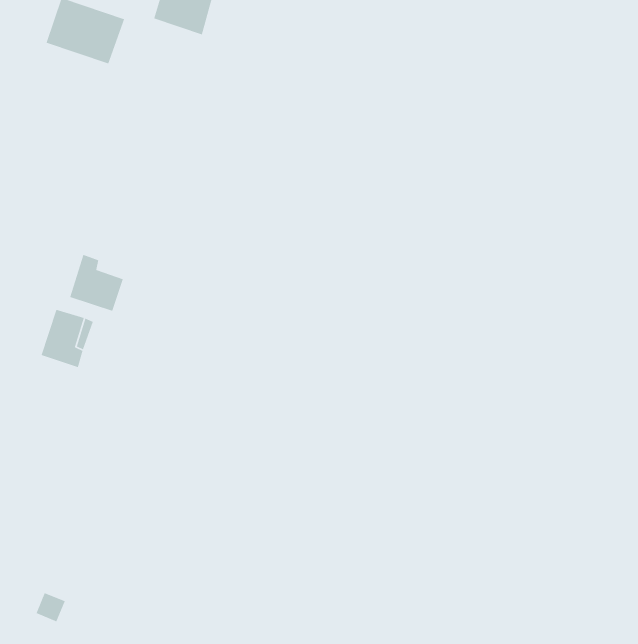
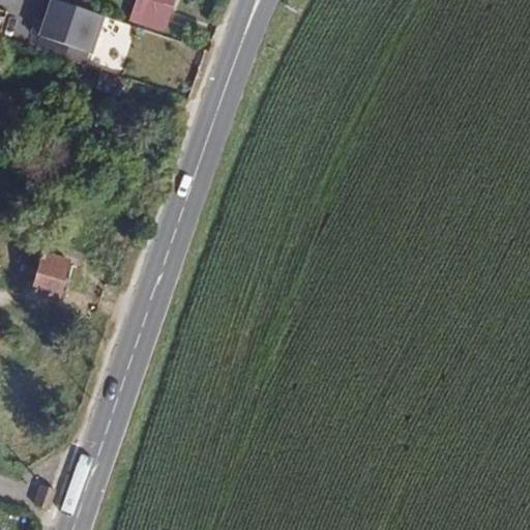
building: [69,254,124,312] -> none

